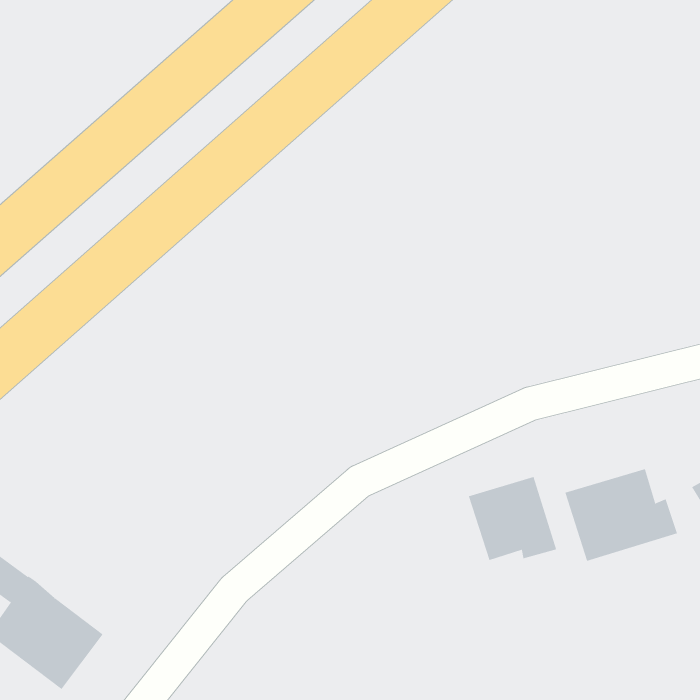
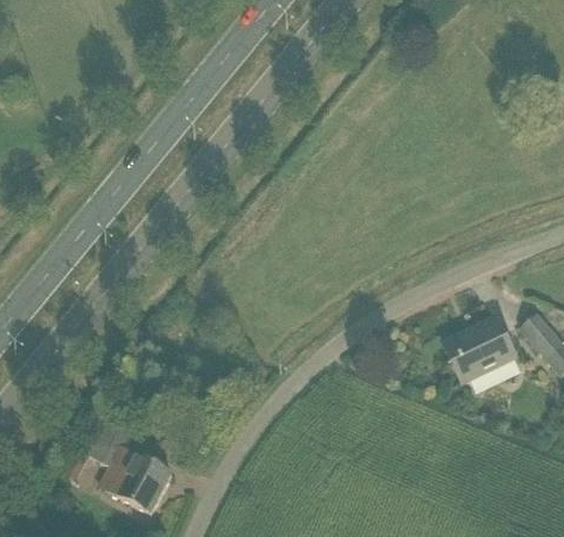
building: [468,476,557,561] -> none

